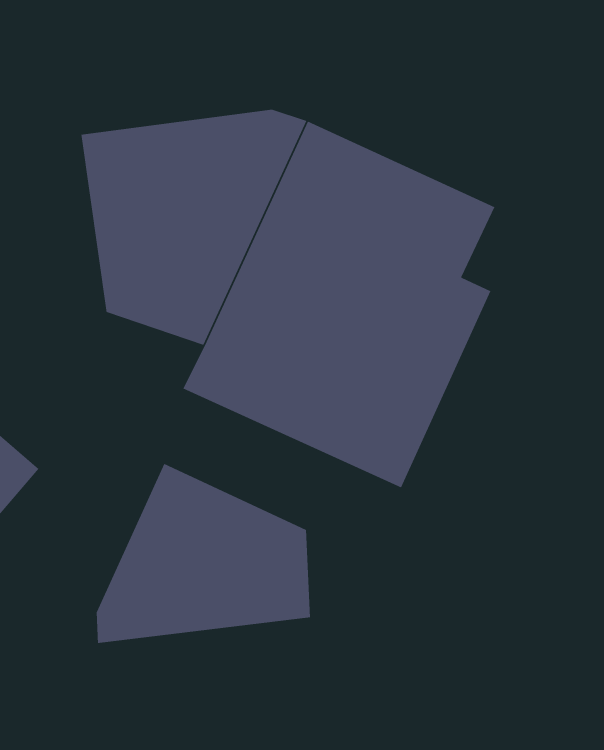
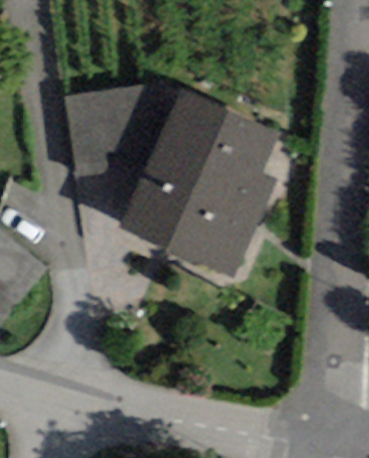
building: [96,463,311,644] -> none

